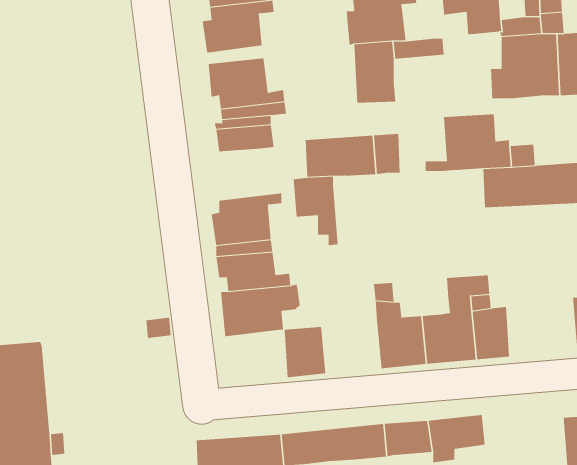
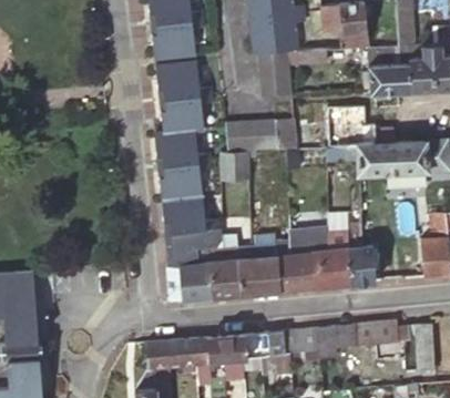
building: none -> [152,131,208,169]
building: none -> [236,248,280,295]
building: none -> [165,263,212,302]
building: none -> [355,322,408,347]

